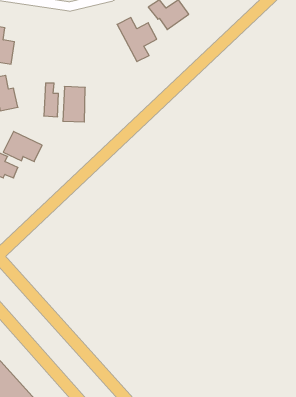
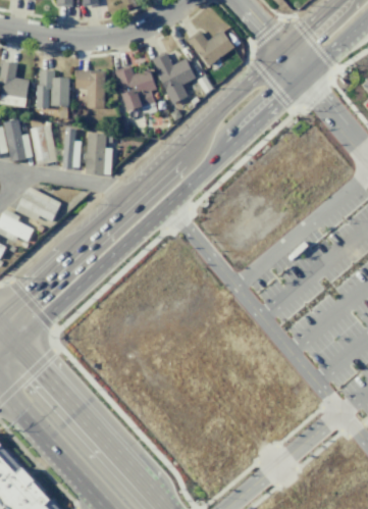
building: none -> [114,65,156,110]
building: none -> [74,69,106,108]
building: none -> [36,70,69,108]
building: none -> [30,124,57,164]

